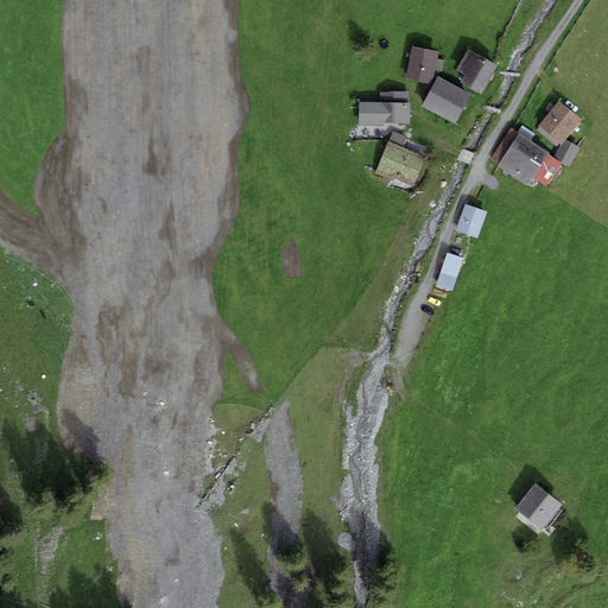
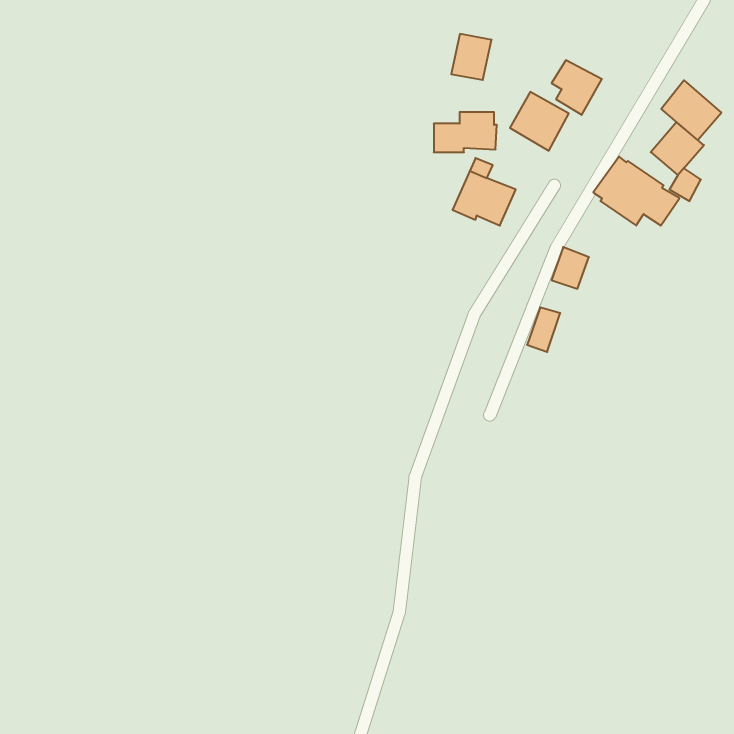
building: [406,46,439,84] -> [451,34,492,80]
building: none -> [661,80,721,140]
building: [514,482,562,531] -> none

